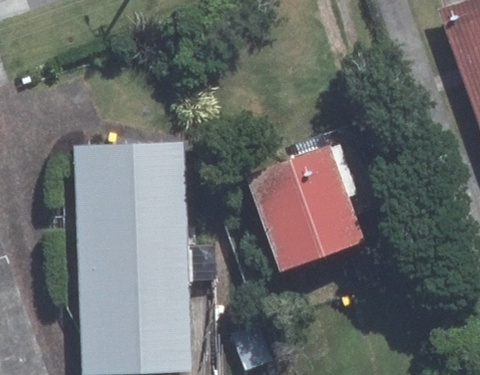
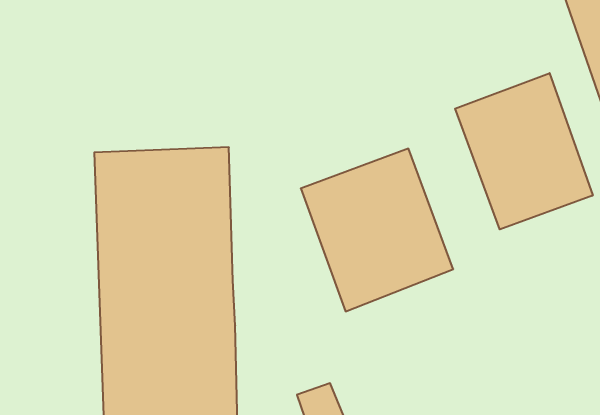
building: none -> [455,73,593,229]

